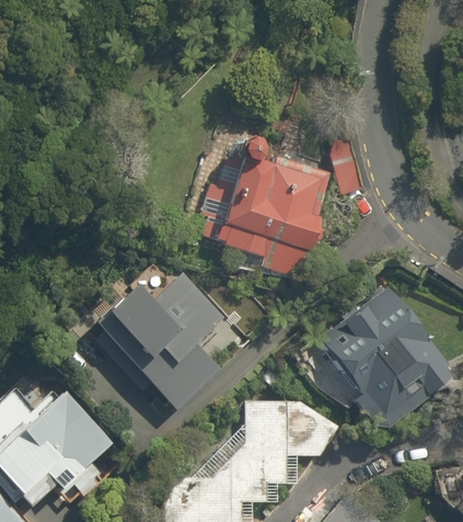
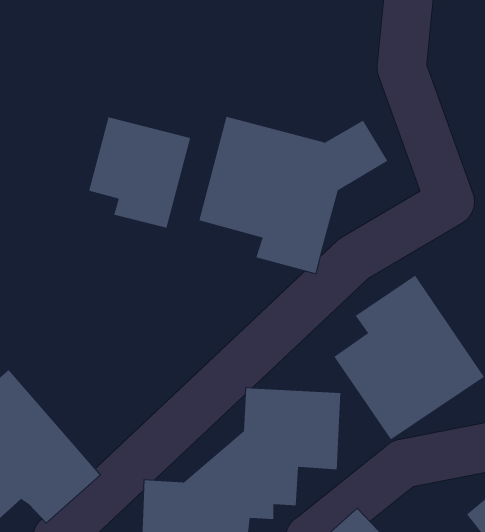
building: none -> [88,116,191,229]
building: [96,272,232,412] -> none

